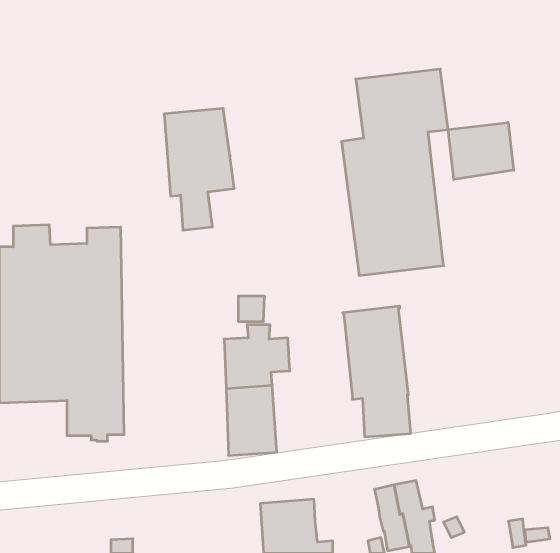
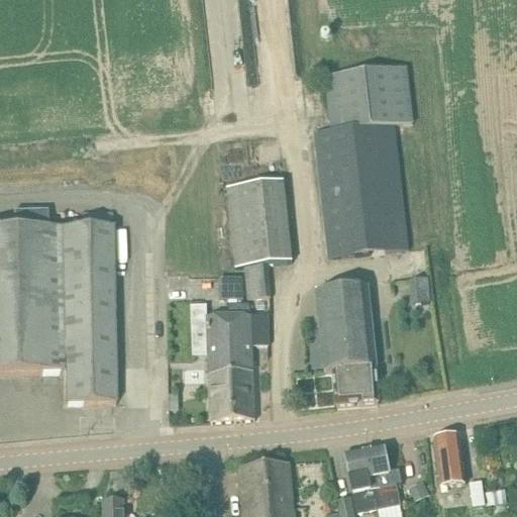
building: [164,108,234,230] -> [229,183,294,295]
building: [448,122,514,180] -> none
building: none -> [433,431,463,489]

